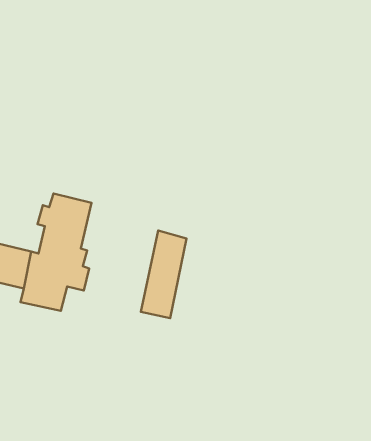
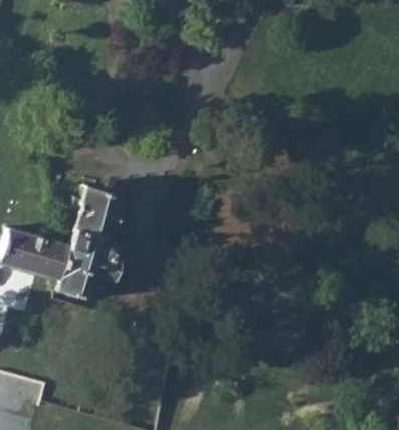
building: [141,231,187,318] -> none

